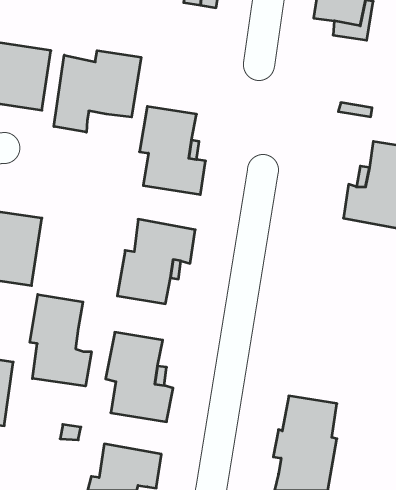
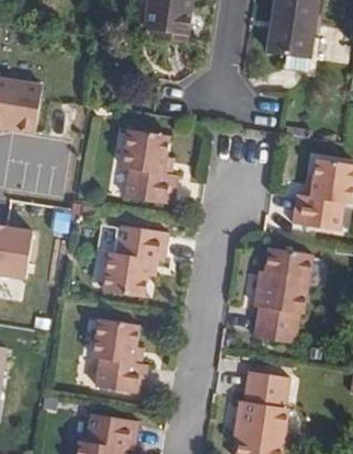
building: [54,51,141,132] -> none
building: none -> [249,250,307,345]
building: [30,294,91,386] -> none

